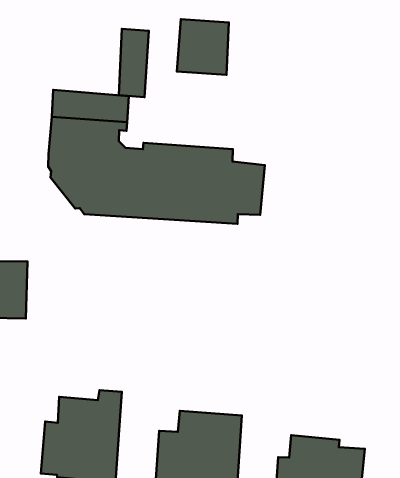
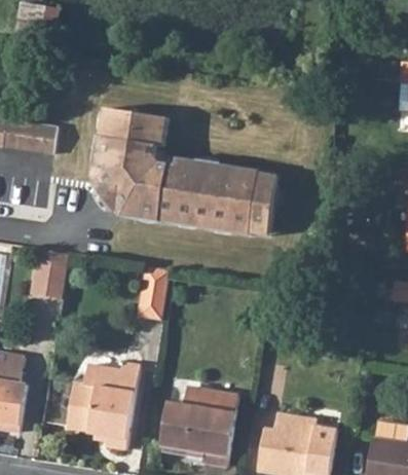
building: [177,19,229,75] -> none
building: [119,29,149,97] -> none
building: none -> [136,266,170,321]

